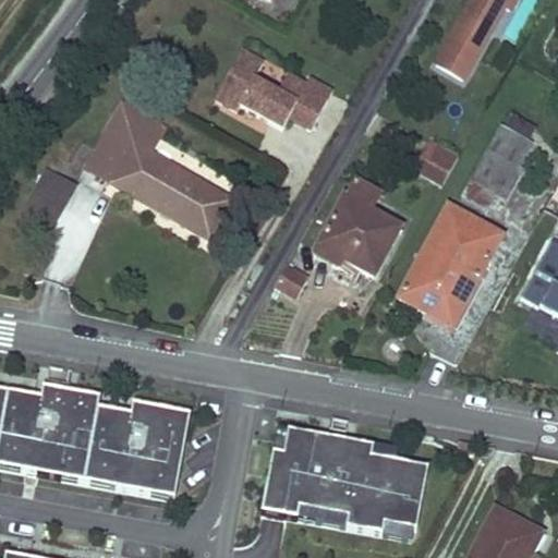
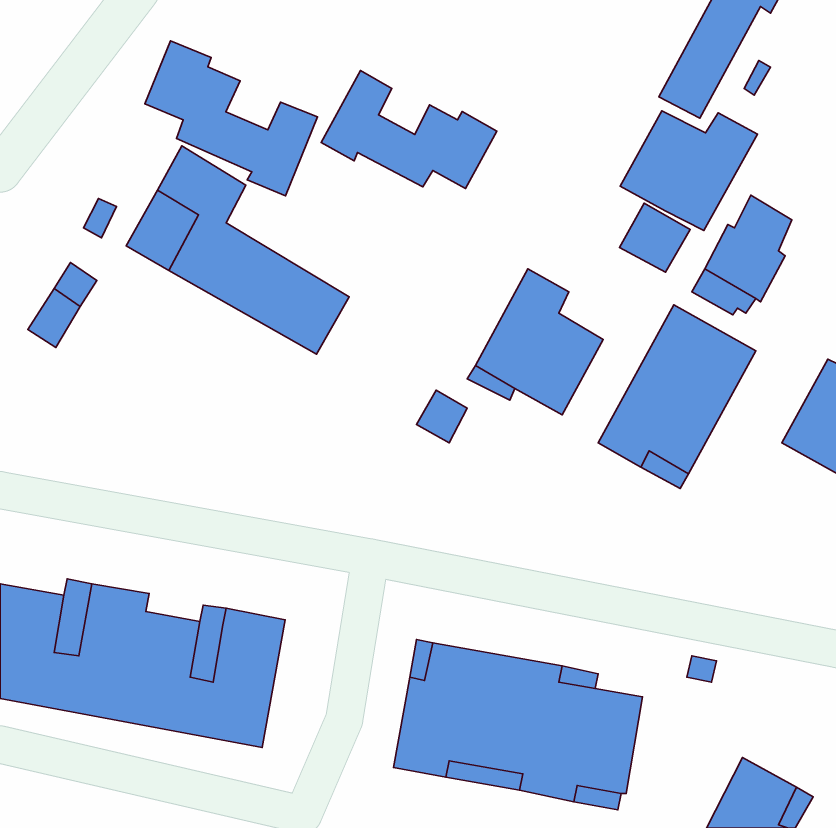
building: none -> [145,41,318,196]
building: none -> [620,111,758,231]

